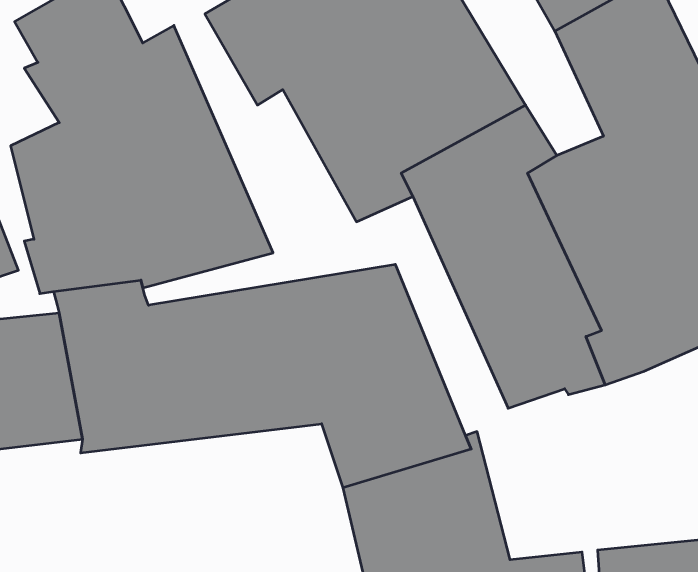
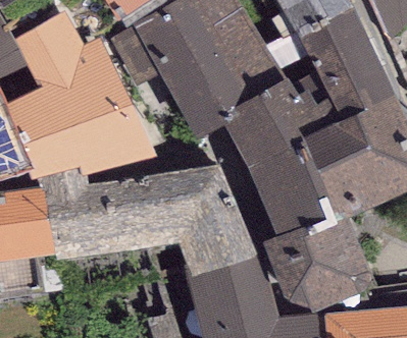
building: none -> [262,219,370,311]

